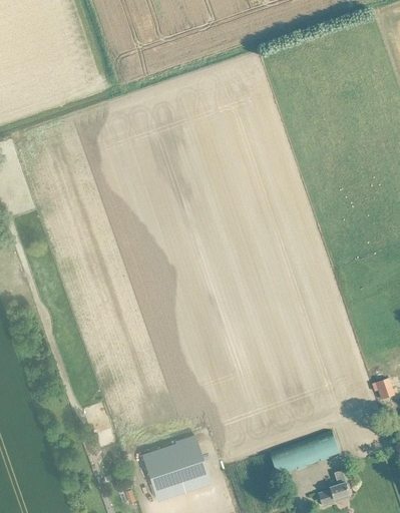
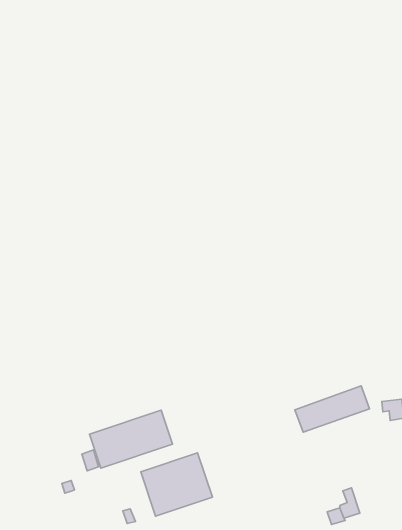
building: none -> [90,410,173,468]
building: [271,431,342,475] -> [295,386,370,432]

